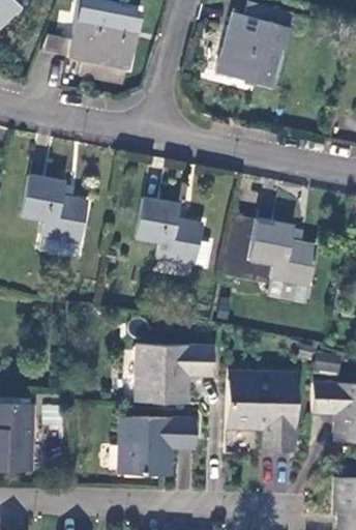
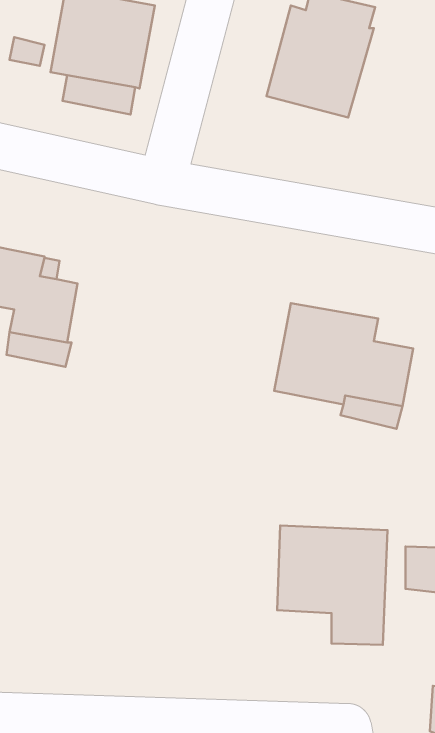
building: [136,198,205,264] -> none
building: [135,345,213,403] -> none
building: [118,415,196,476] -> none

